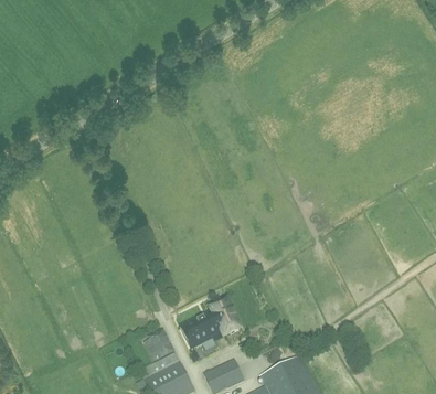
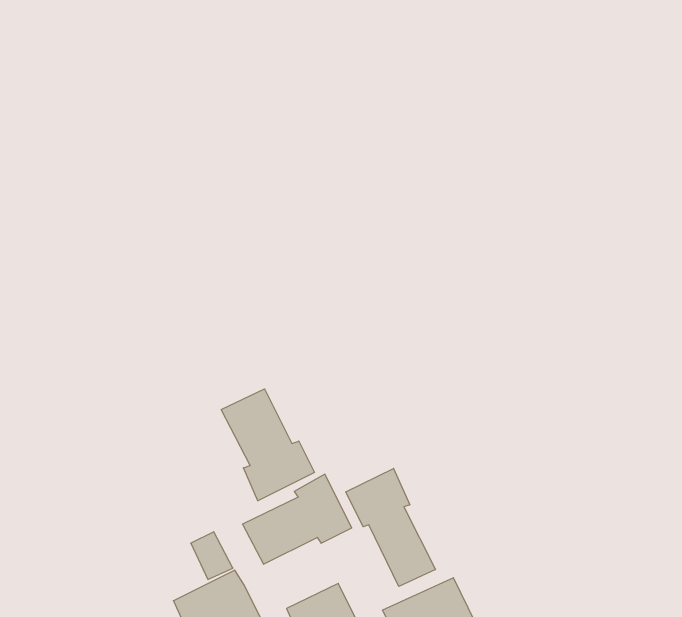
building: none -> [221,389,314,501]
building: none -> [346,468,435,586]

